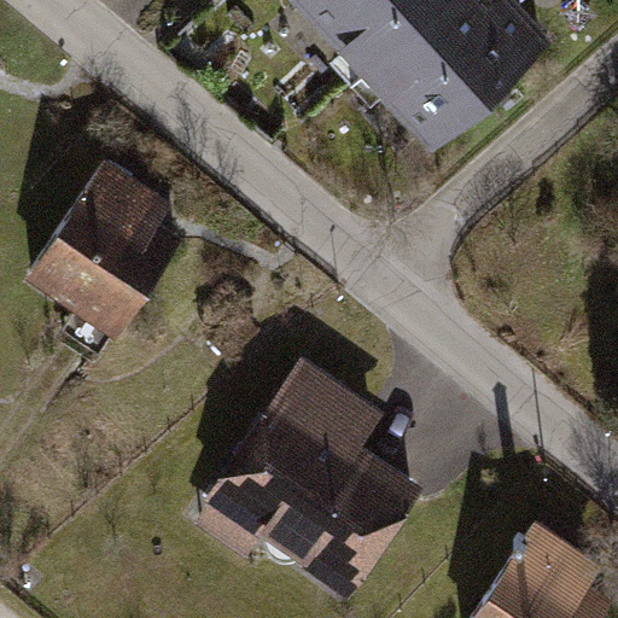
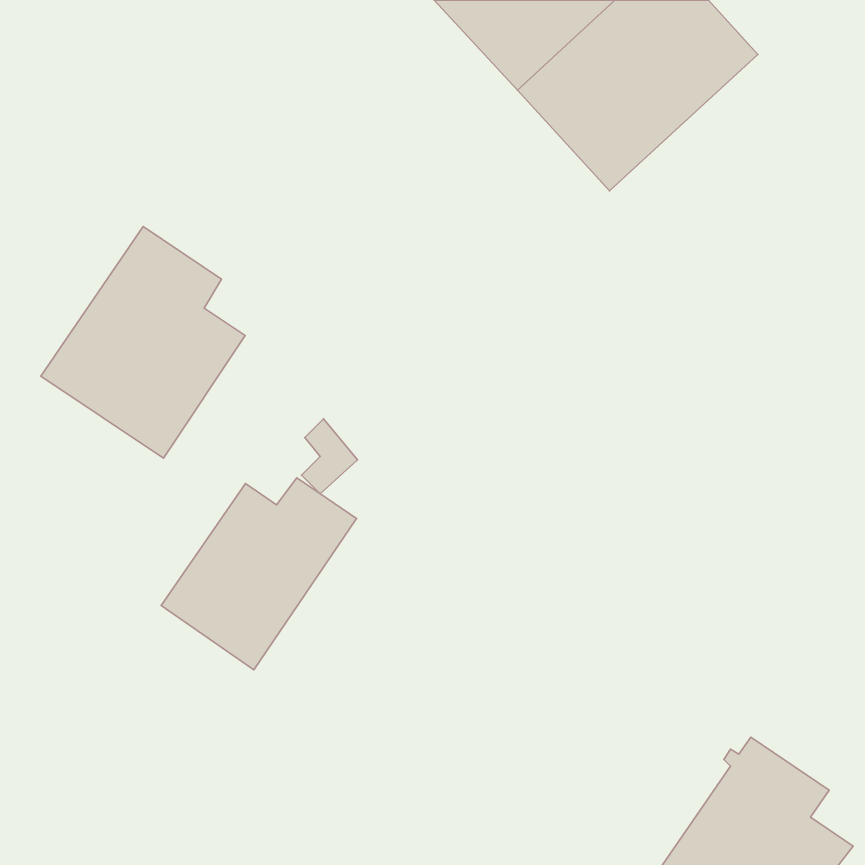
building: none -> [161,478,357,670]
building: [223,365,410,582] -> none

